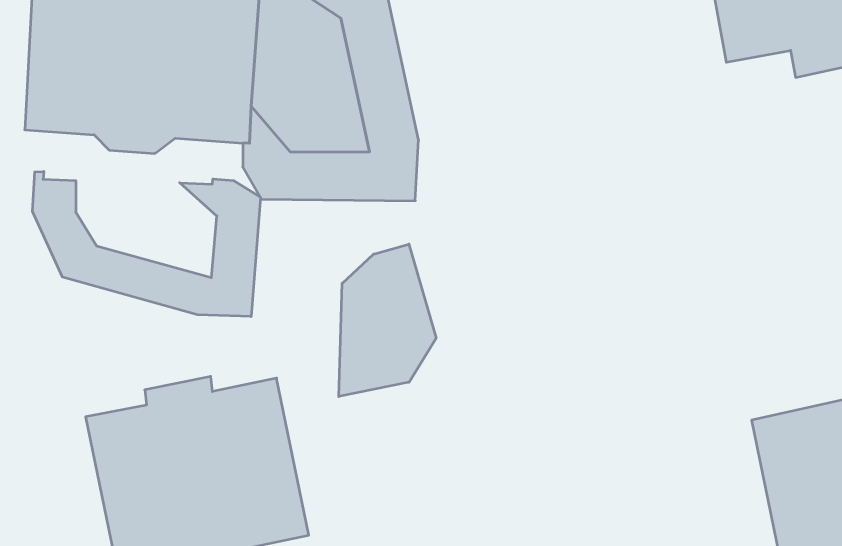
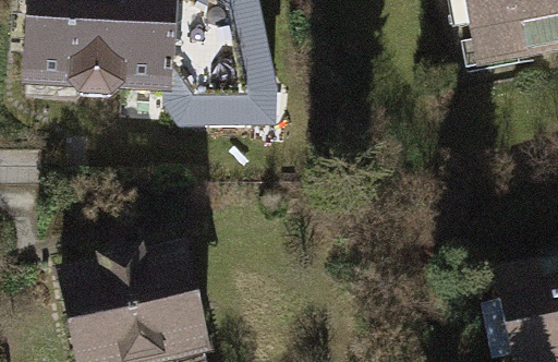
building: [33,171,260,317] -> none
building: [339,244,436,397] -> none

